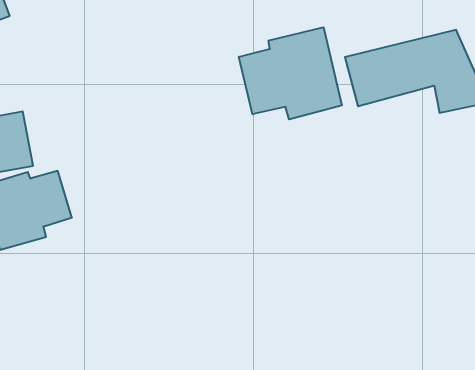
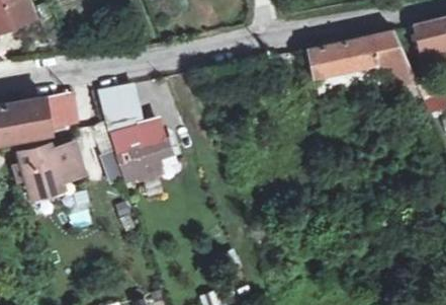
building: [239,27,342,119] -> none
building: none -> [97,85,172,187]

